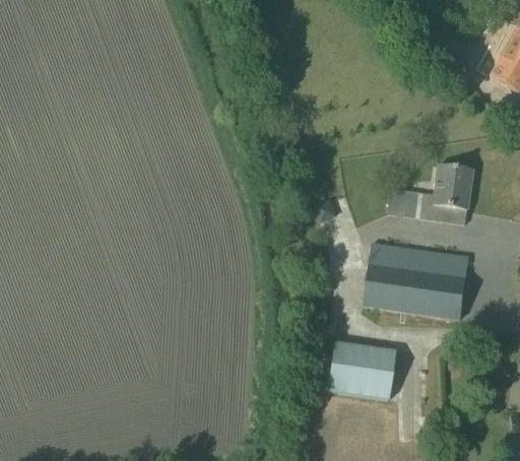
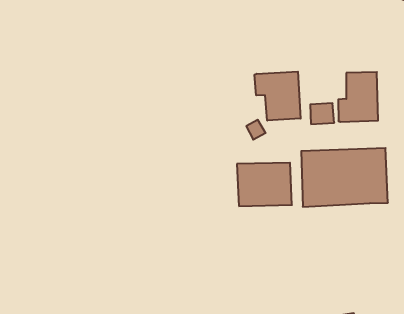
building: none -> [255,72,301,121]
building: [330,342,396,399] -> [237,163,292,206]

